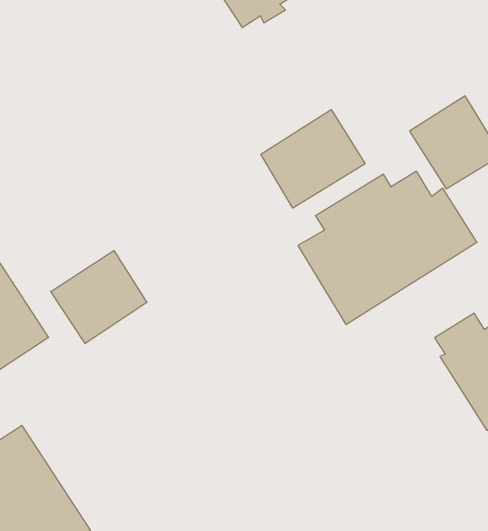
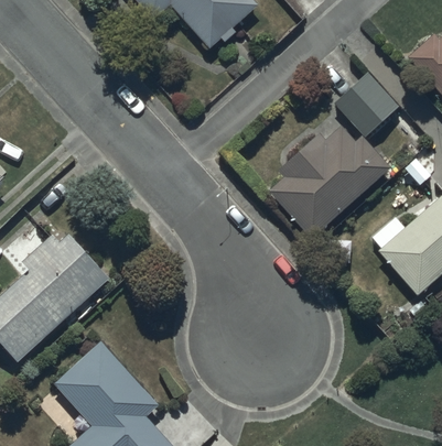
building: [261,110,365,208] -> none
building: [51,251,147,344] -> none

